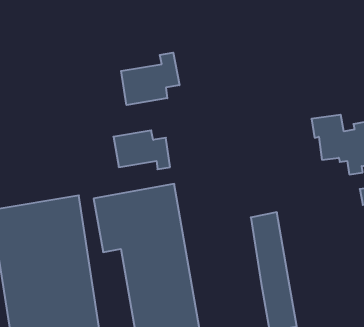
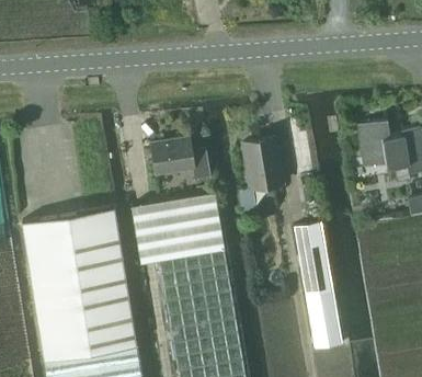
building: [121,53,179,105] -> none
building: none -> [242,140,283,191]

